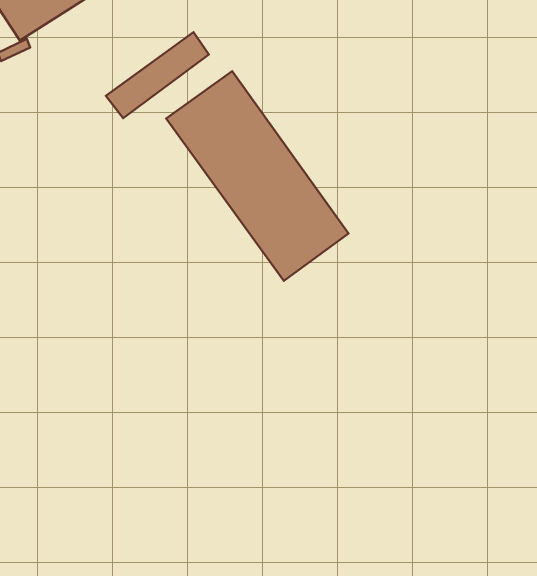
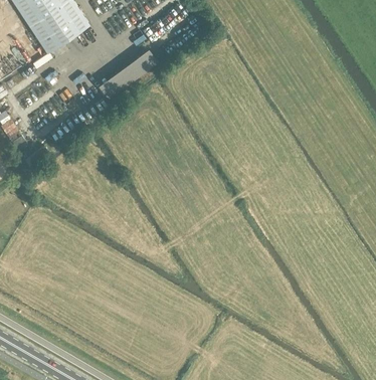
building: [166,71,348,281] -> none

